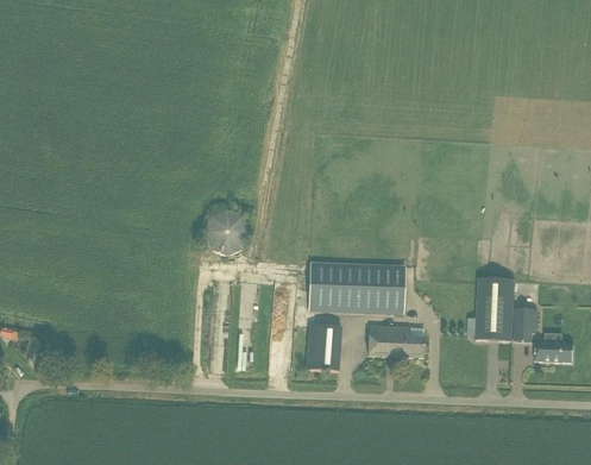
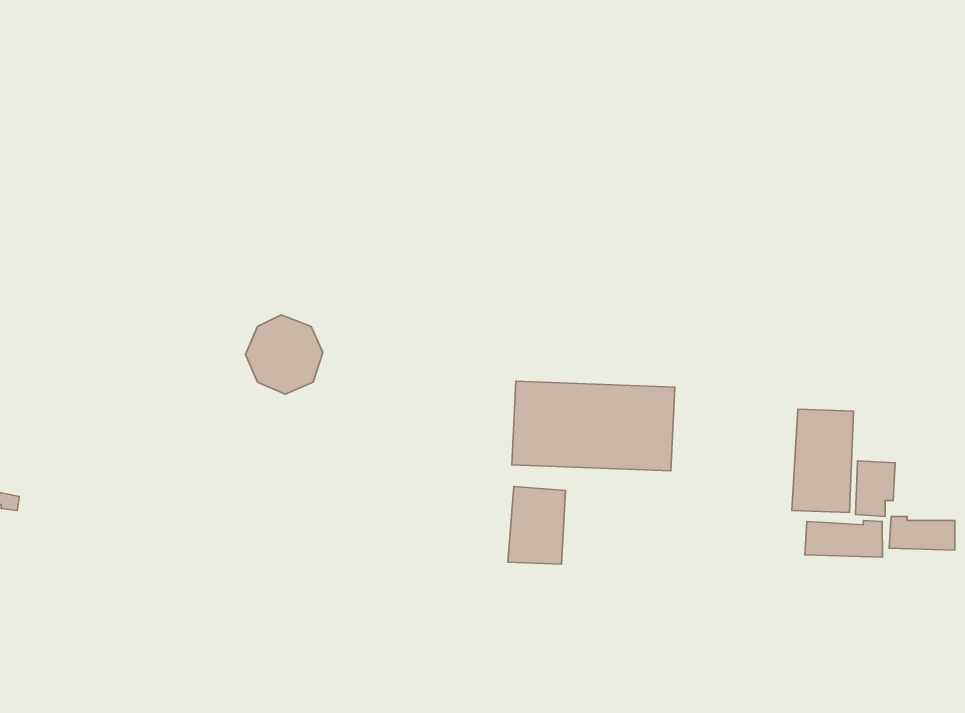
building: [203,208,250,256] -> [246,315,323,394]
building: [369,323,425,356] -> none
building: none -> [805,520,882,557]

